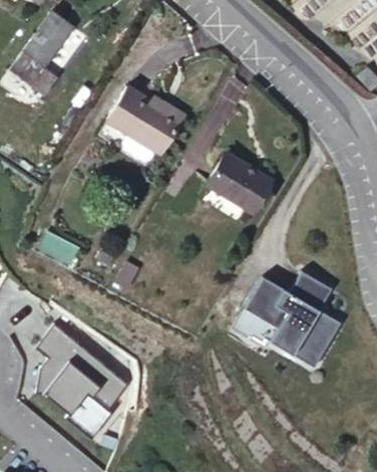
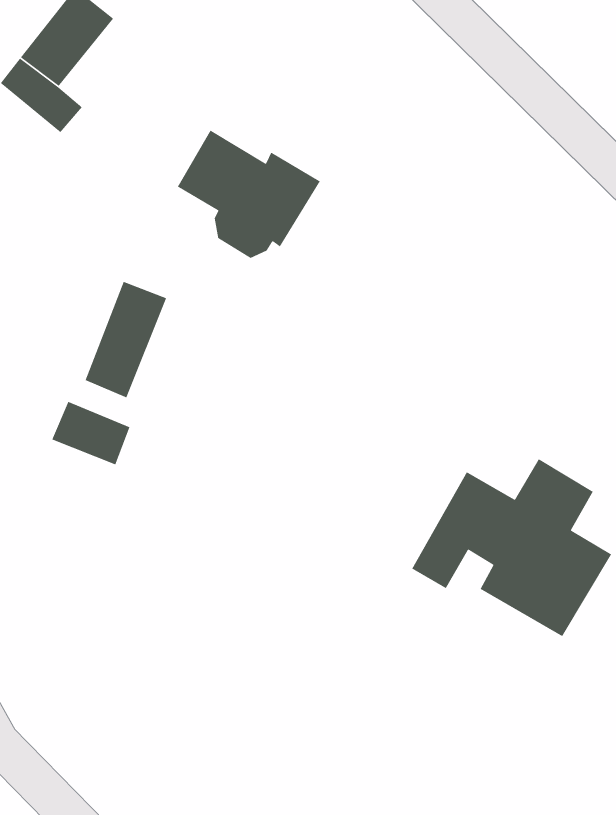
building: [208,152,272,211] -> none
building: none -> [85,281,167,399]
building: [37,329,133,442] -> none

